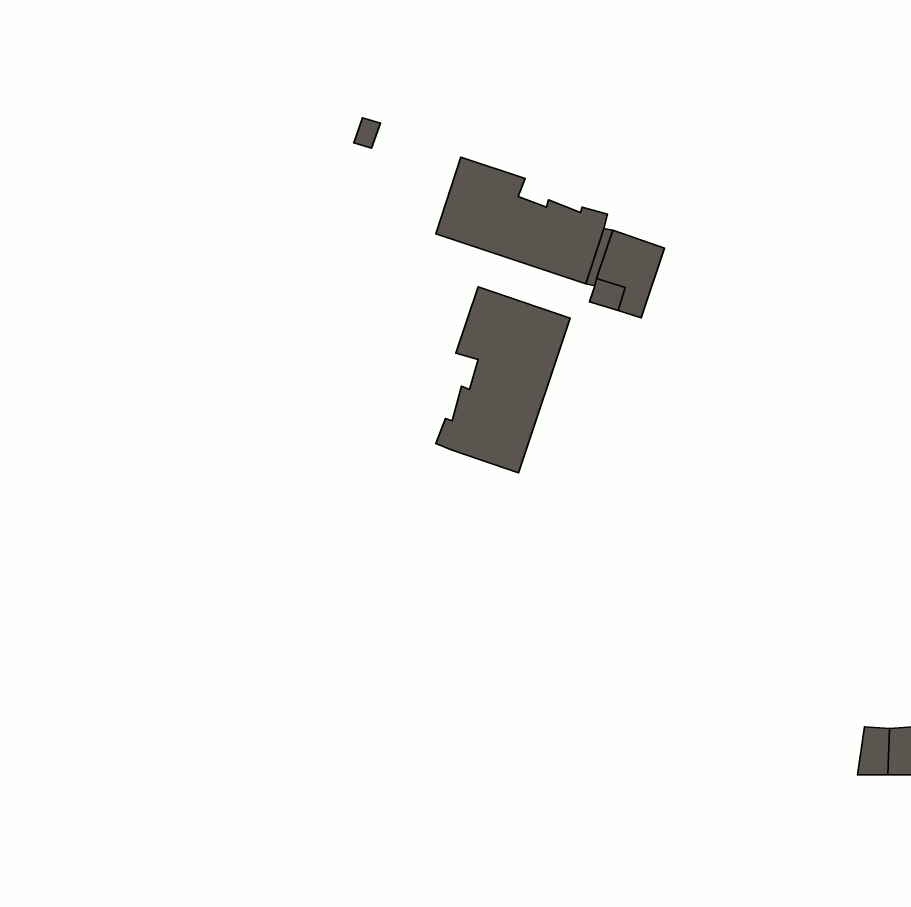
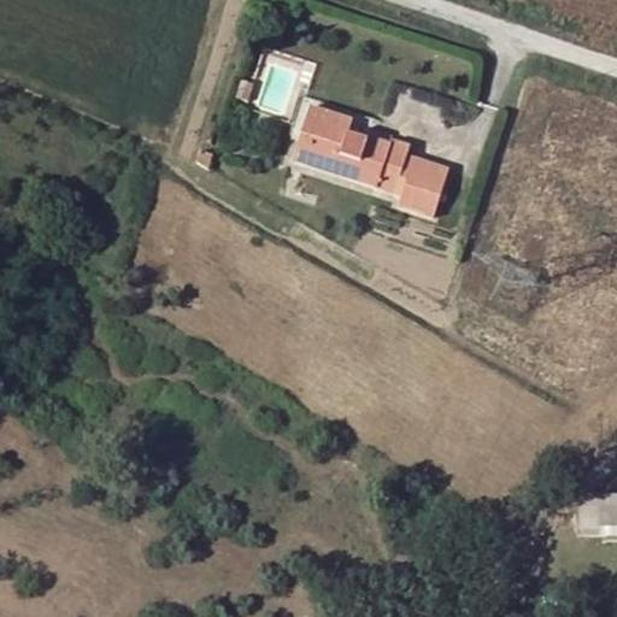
building: [436,287,570,473] -> none

